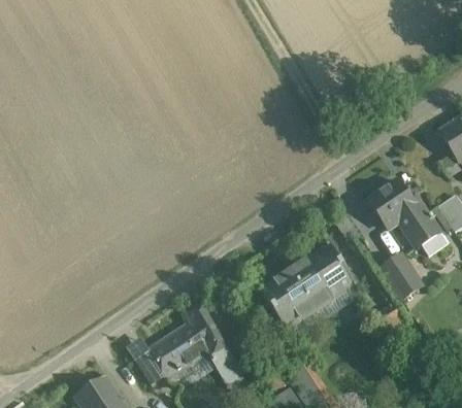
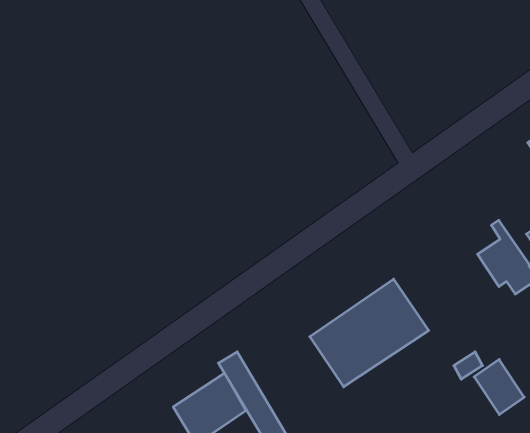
building: [369,181,416,229] -> none
building: [381,253,422,299] -> [474,359,524,415]

